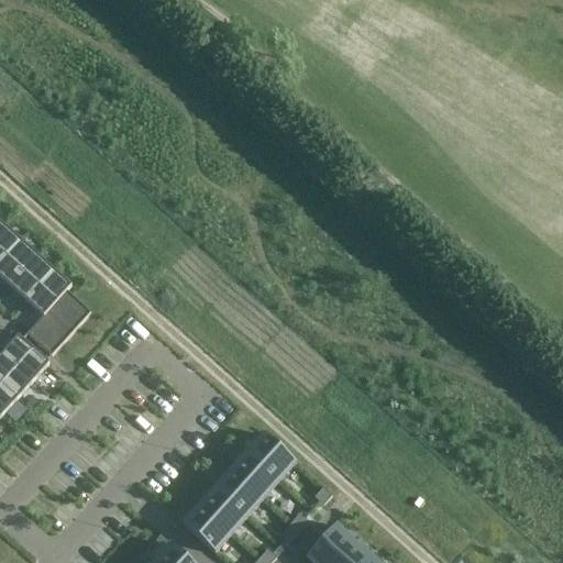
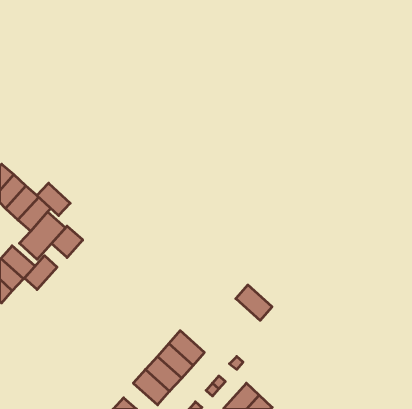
building: none -> [37,183,70,216]
building: none -> [52,226,83,258]
building: none -> [25,256,57,290]
building: [245,431,295,479] -> [236,285,272,320]

